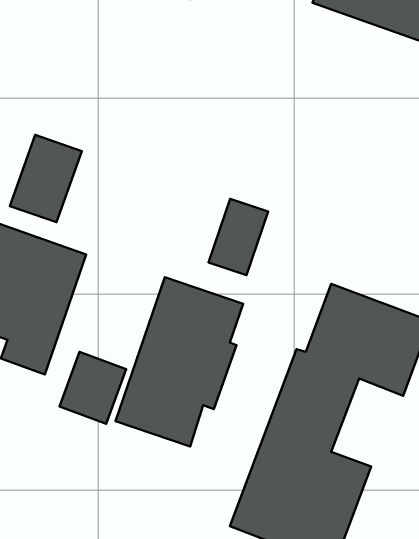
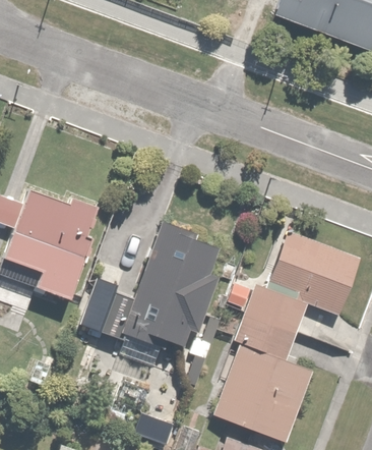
building: [10,135,82,222] -> none
building: [208,199,268,275] -> none

